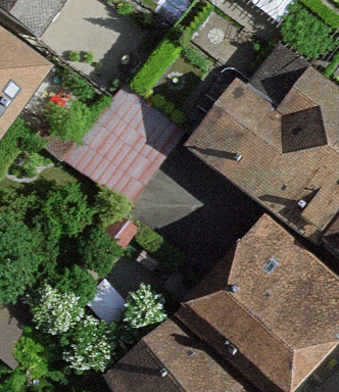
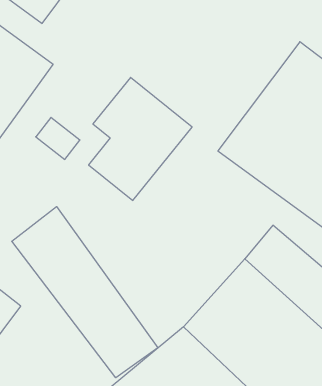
building: none -> [12,207,158,378]

